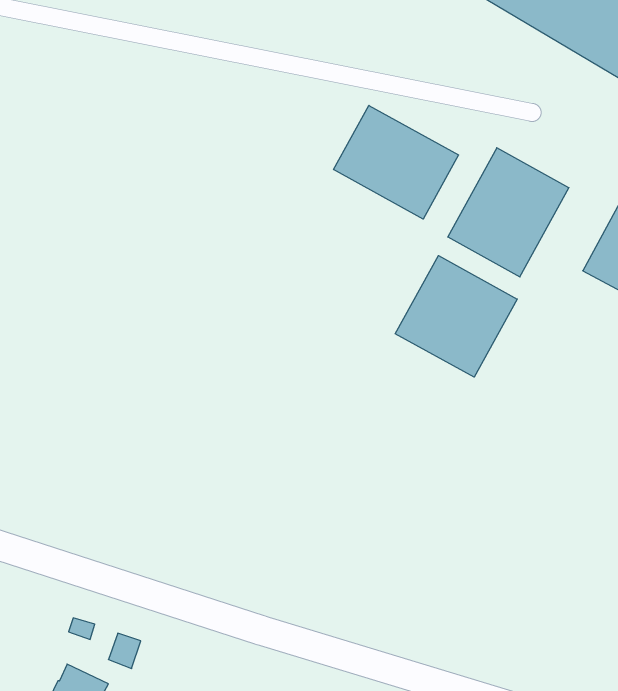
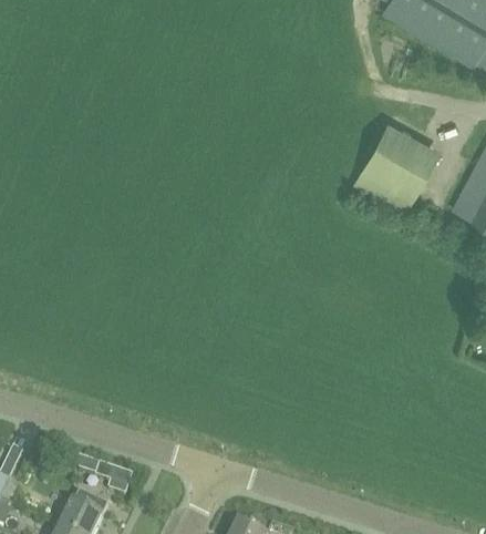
building: [334,105,459,219] -> none
building: [395,256,517,377] -> none

